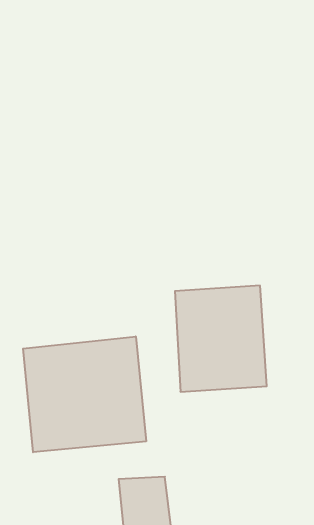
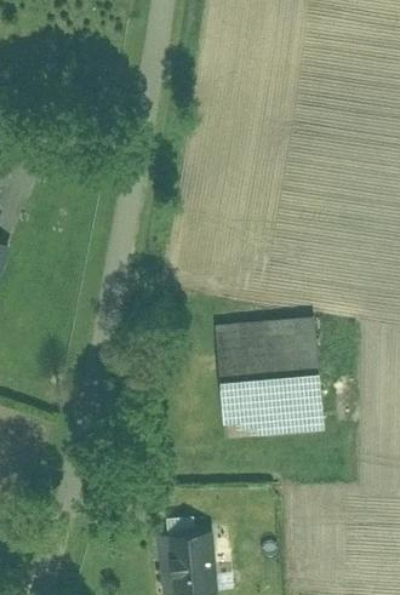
building: [23,336,146,452] -> none

